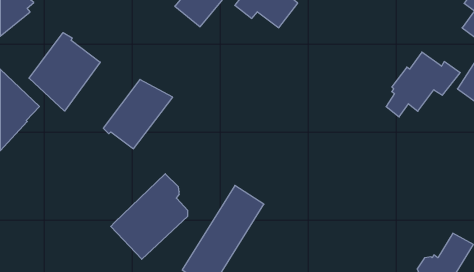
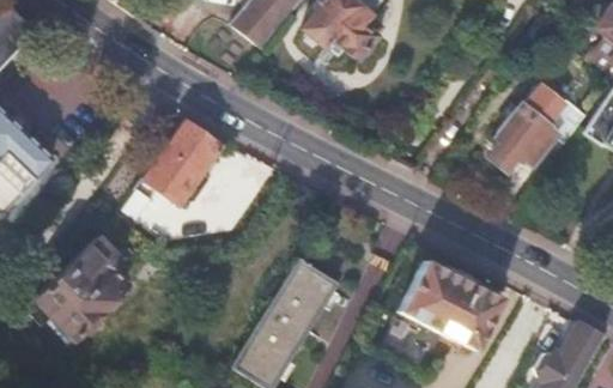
building: [29,33,100,111] -> none
building: [111,174,188,259] -> [25,236,123,345]
building: none -> [402,257,503,348]

